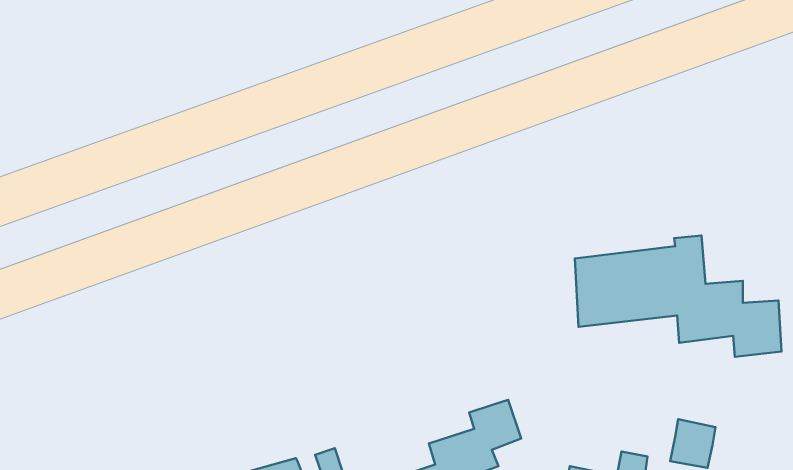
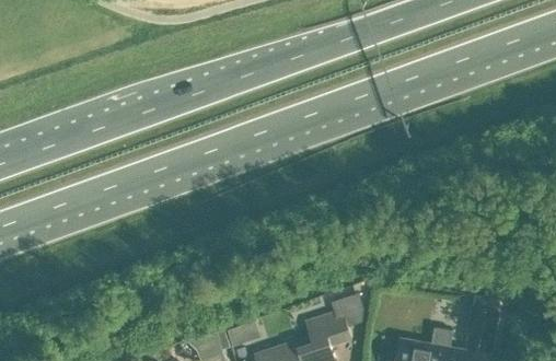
building: [575,235,781,357] -> none

